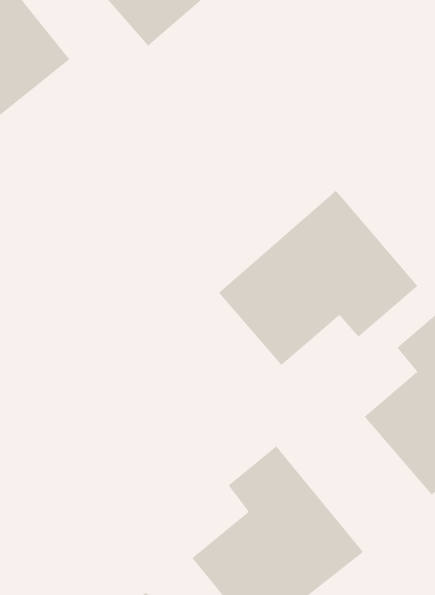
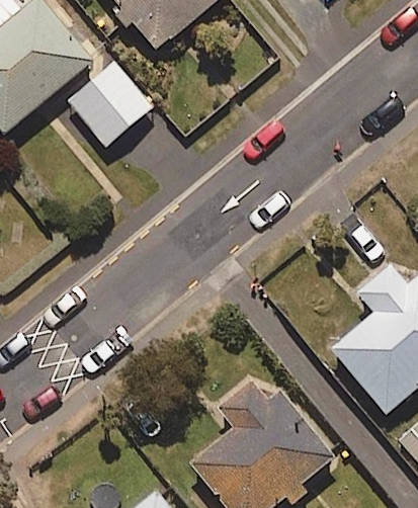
building: none -> [69,62,152,145]
building: [218,190,418,366] -> none

